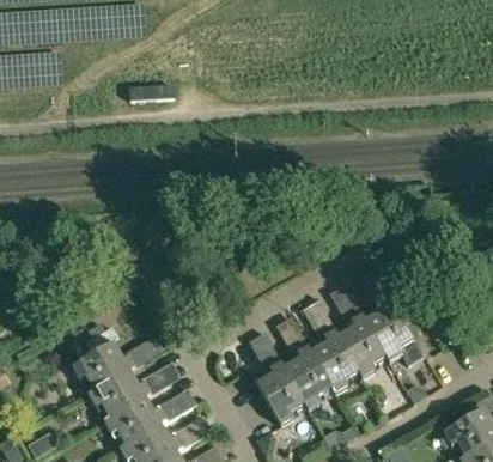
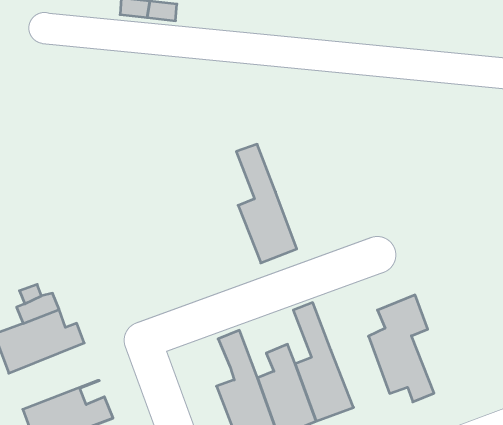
building: [330,284,390,376] -> [236,144,297,263]
building: [90,360,160,420] -> none

